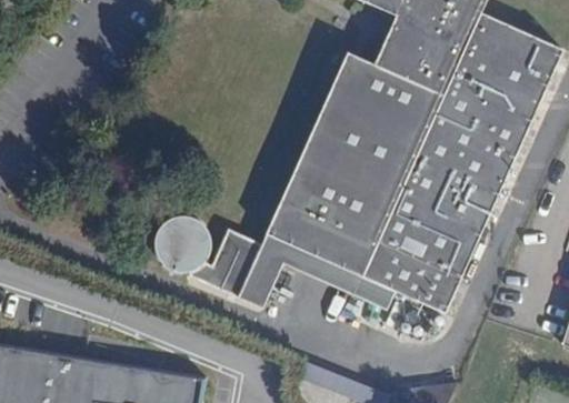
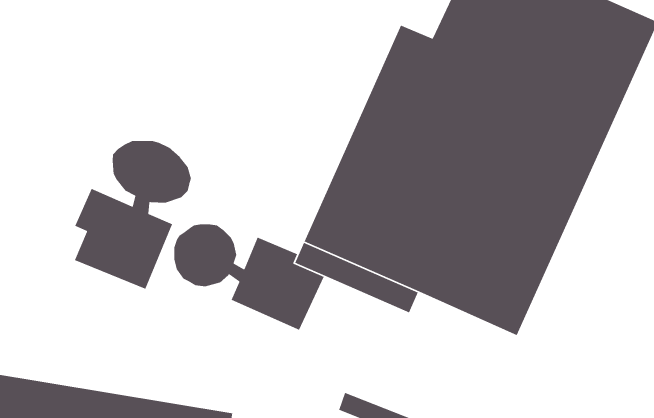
building: none -> [74,140,192,290]

